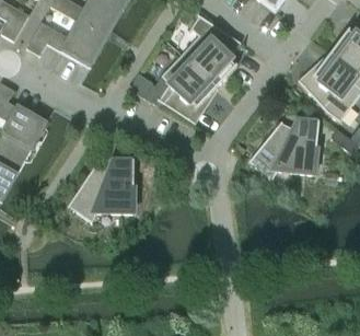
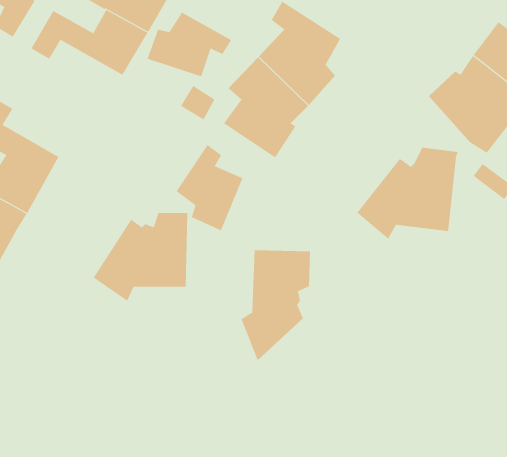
building: none -> [147,12,232,77]
building: none -> [176,144,243,231]
building: none -> [241,250,311,361]

